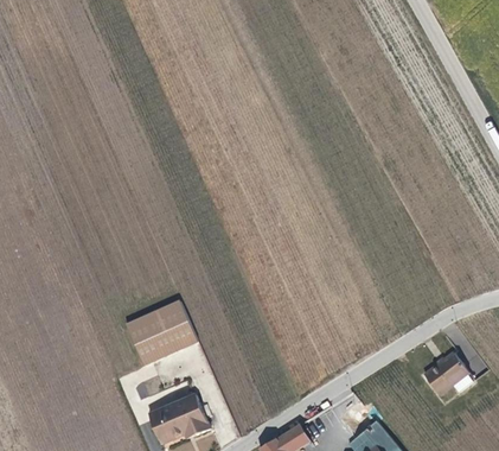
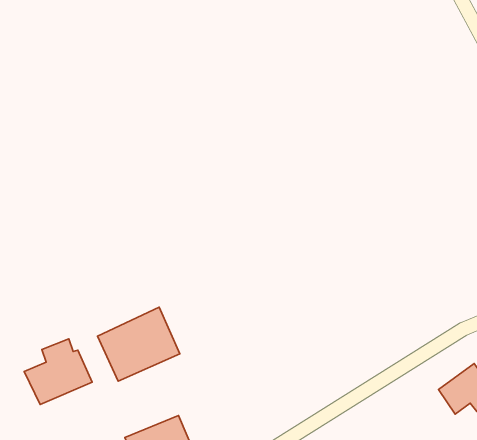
building: none -> [24,339,92,404]

